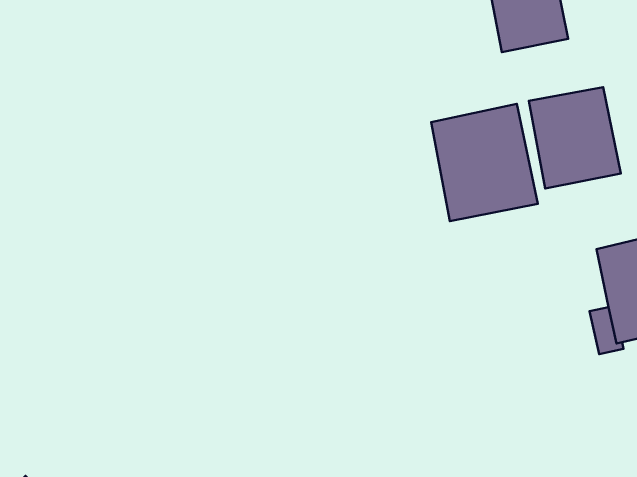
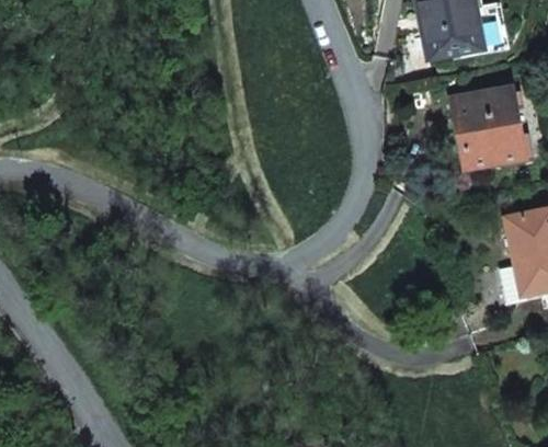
building: [431,104,538,221] -> none

